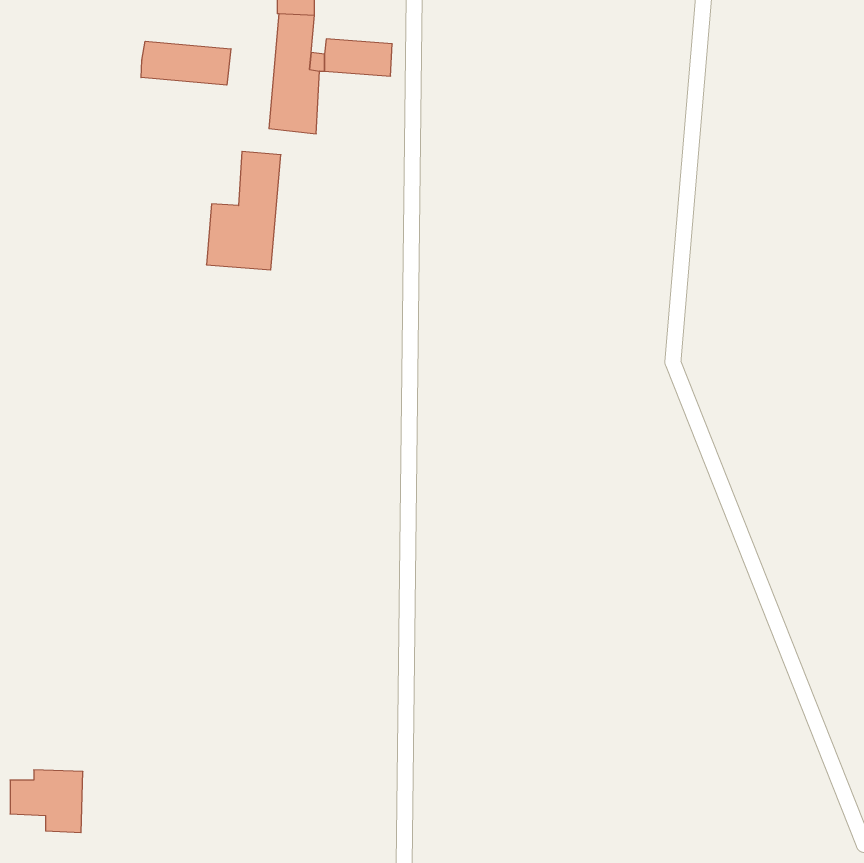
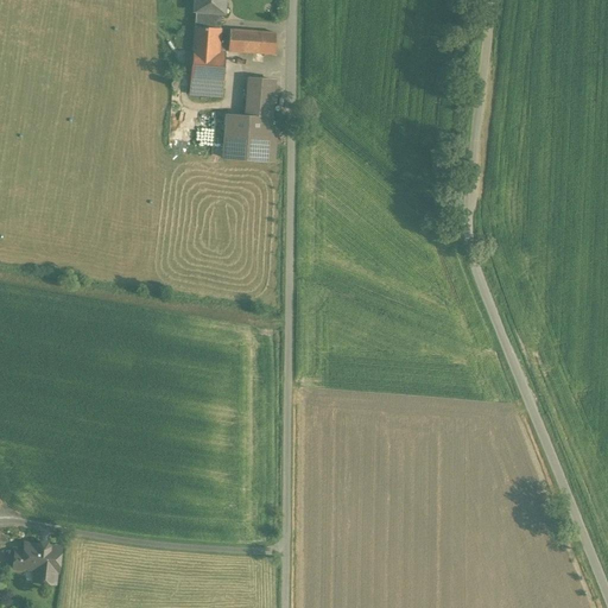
building: [141,41,231,85] -> none
building: [206,151,281,270] -> [222,77,274,160]

